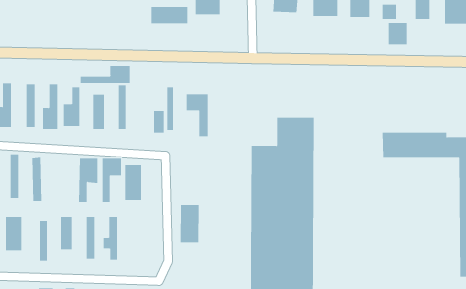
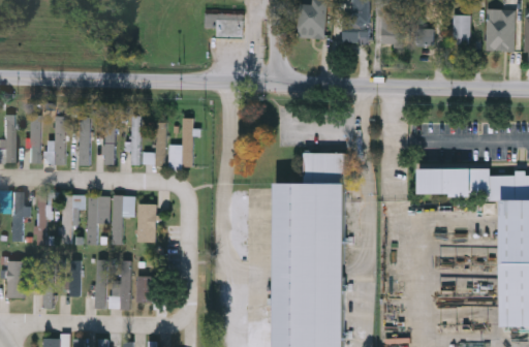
building: [151,6,188,24] -> none
building: [388,22,407,45] -> none
building: [80,65,130,84] -> none
building: [186,94,208,137] -> none
building: none -> [61,195,84,243]
building: [180,204,199,243] -> none
building: none -> [136,276,154,302]

